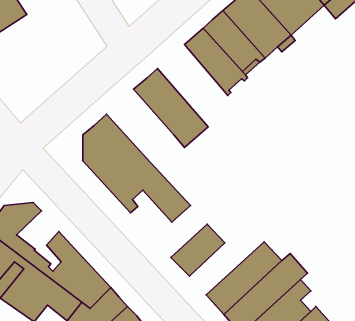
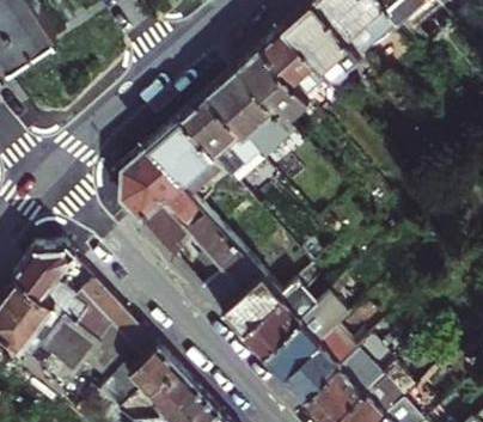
building: none -> [206,68,296,164]
building: none -> [147,120,225,198]
building: none -> [202,253,263,313]
building: none -> [243,262,342,356]

